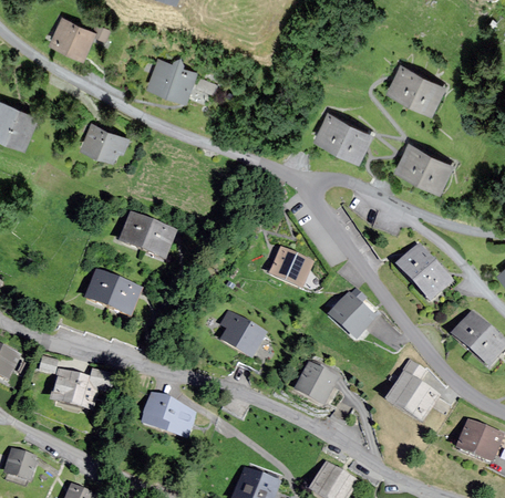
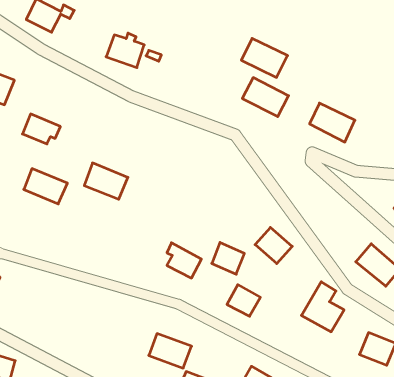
building: [388,64,444,112] -> [241,38,288,77]
building: [82,123,128,159] -> [22,114,60,144]
building: [398,248,450,301] -> none
building: [271,249,311,288] -> [212,242,244,274]
building: [86,273,140,317] -> [24,169,67,204]
building: [52,370,113,412] -> none
building: [143,396,195,438] -> [149,334,192,368]

